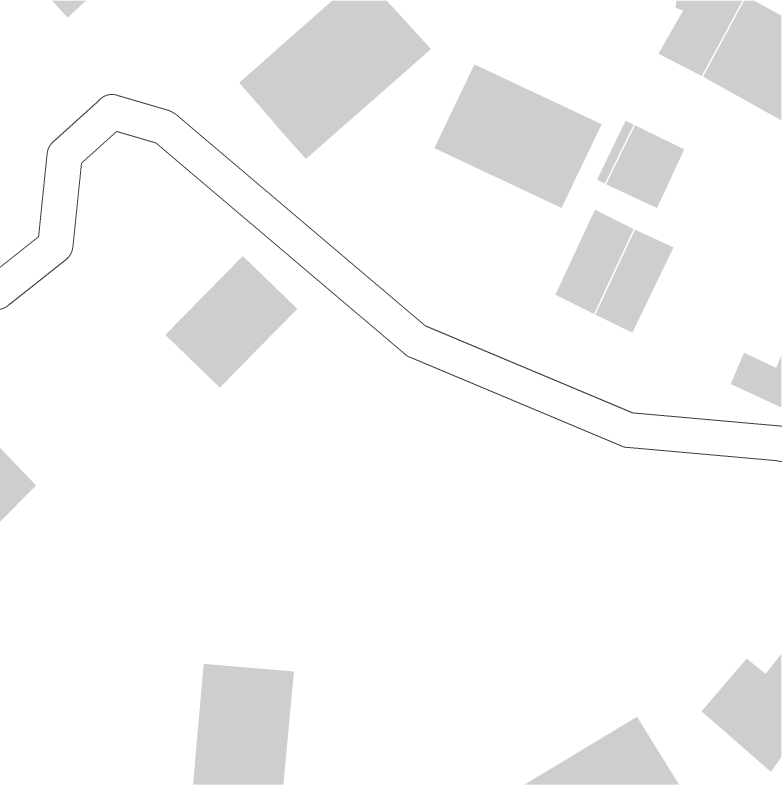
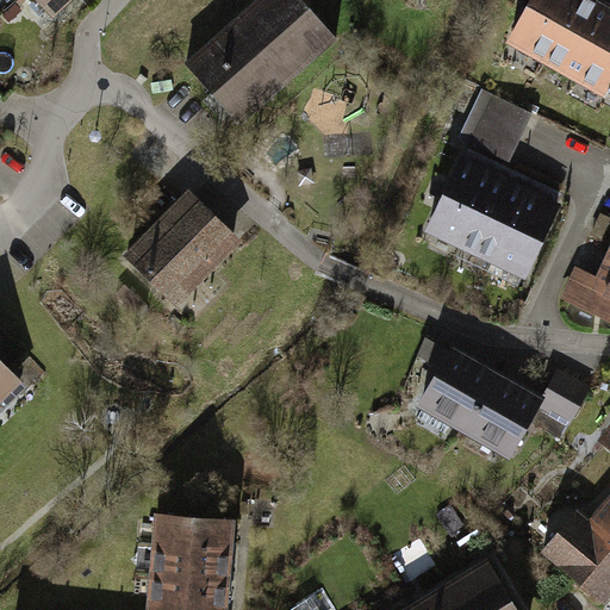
building: [434,63,602,209] -> none
building: none -> [491,192,554,273]
building: none -> [421,349,587,455]

